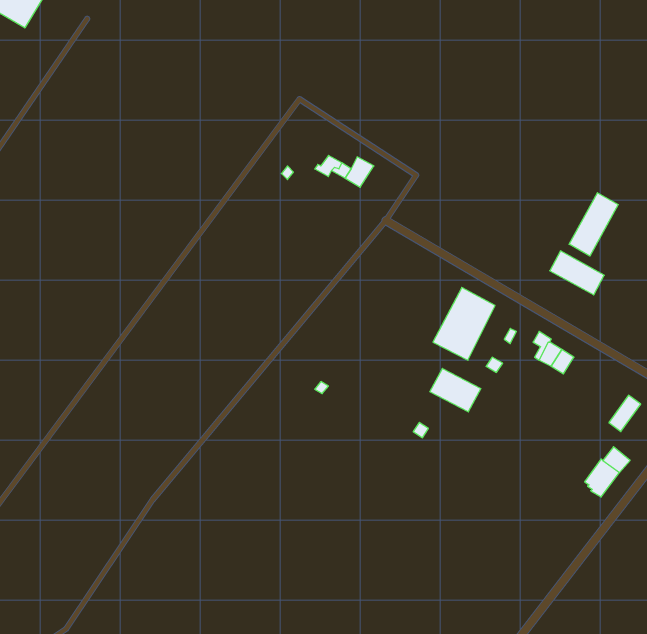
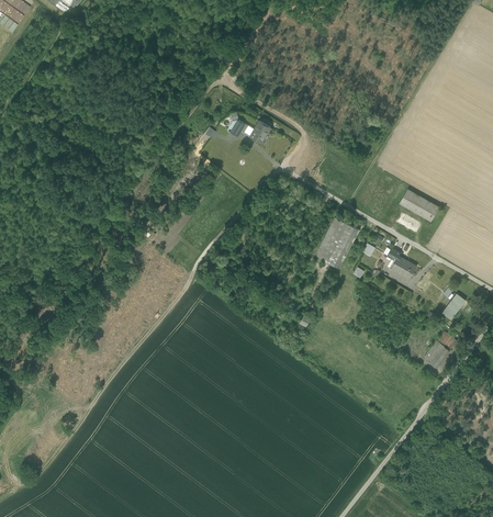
building: [569,193,618,256] -> none
building: [430,368,481,412] -> none

